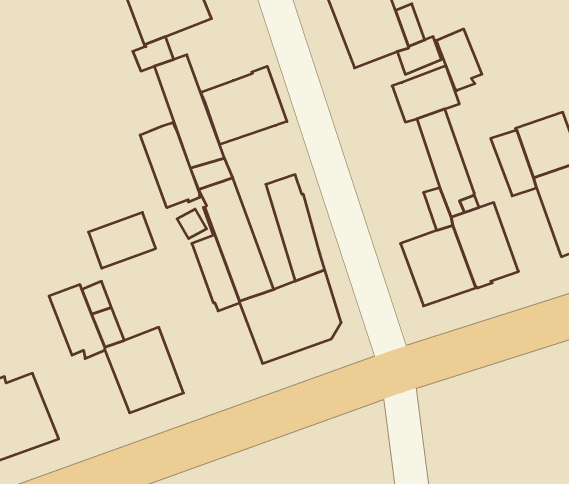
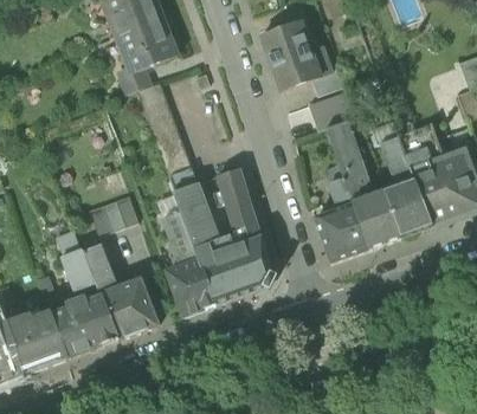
building: [436,29,482,91] -> none
building: [201,66,287,145] -> none
building: [140,122,200,208] -> none
building: none -> [381,176,430,237]
building: none -> [166,259,214,315]
building: none -> [49,293,118,357]

